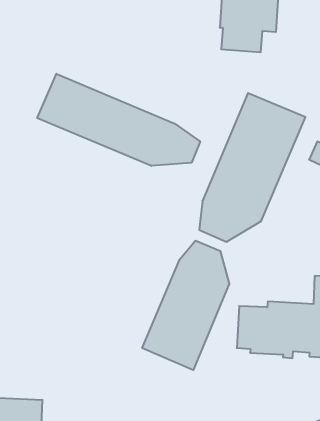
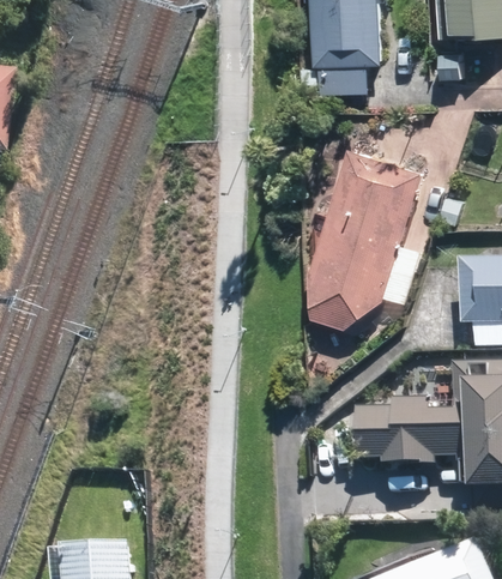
building: [37,74,200,166] -> none
building: [142,241,229,370] -> none

